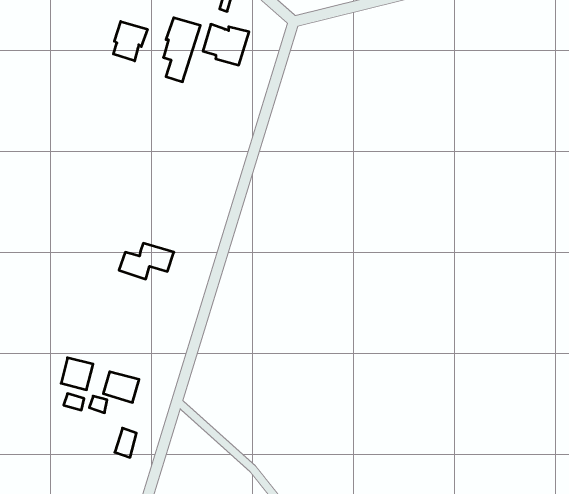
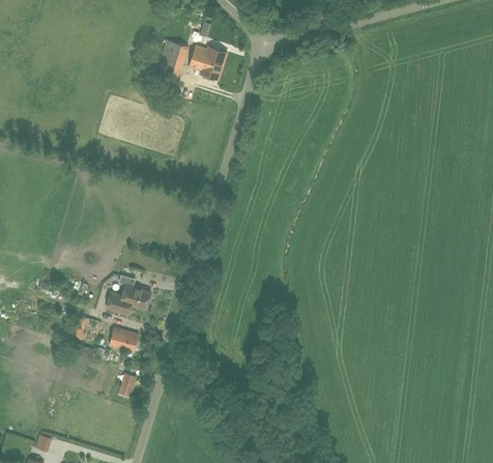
building: [113,21,147,61] -> none
building: [119,243,174,279] -> [106,284,150,313]

